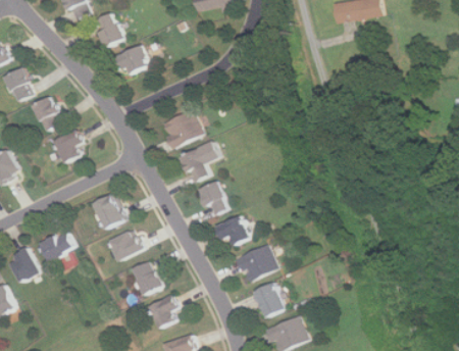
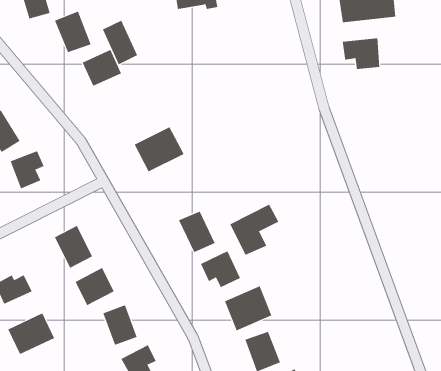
building: none -> [102,20,138,65]
building: none -> [342,37,380,70]
building: [180,138,221,182] -> [230,204,279,256]
building: none -> [8,313,55,355]

